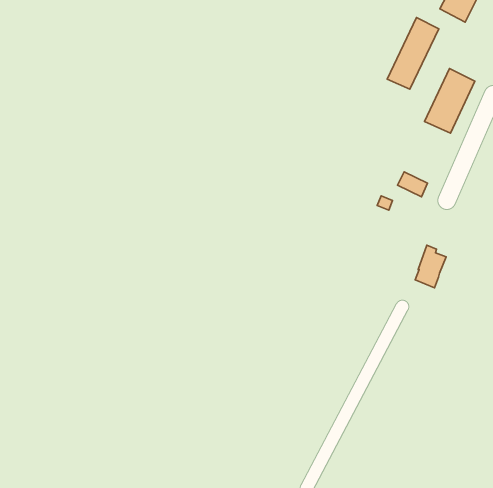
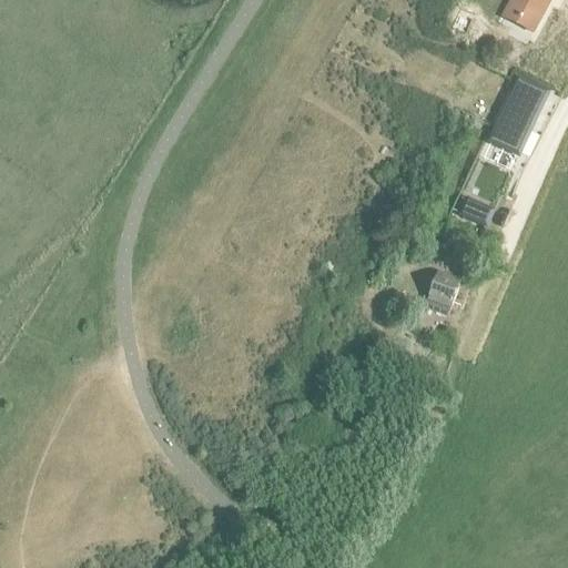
building: [387,17,439,89] -> none
building: [415,245,446,288] -> [424,270,459,318]

